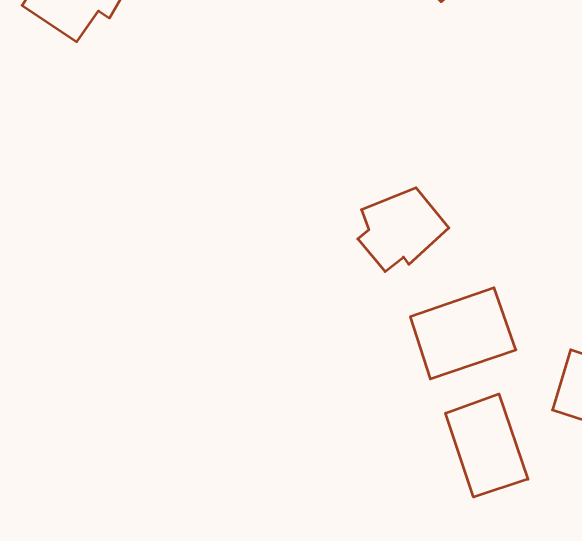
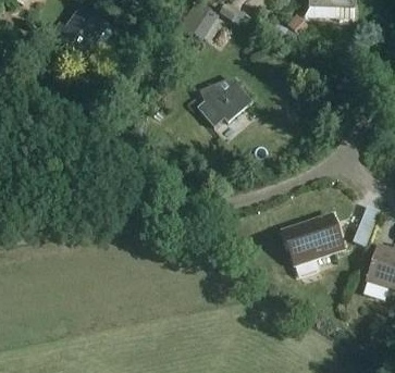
building: [358,188,449,272] -> [197,77,251,127]
building: [446,394,528,497] -> none

